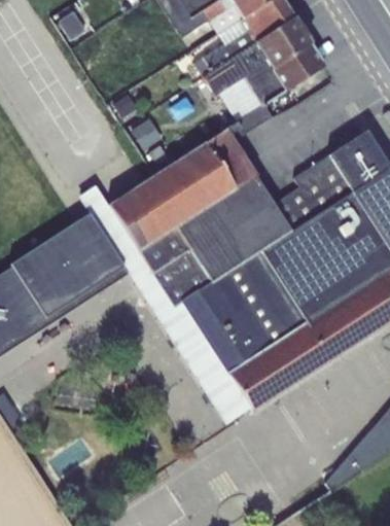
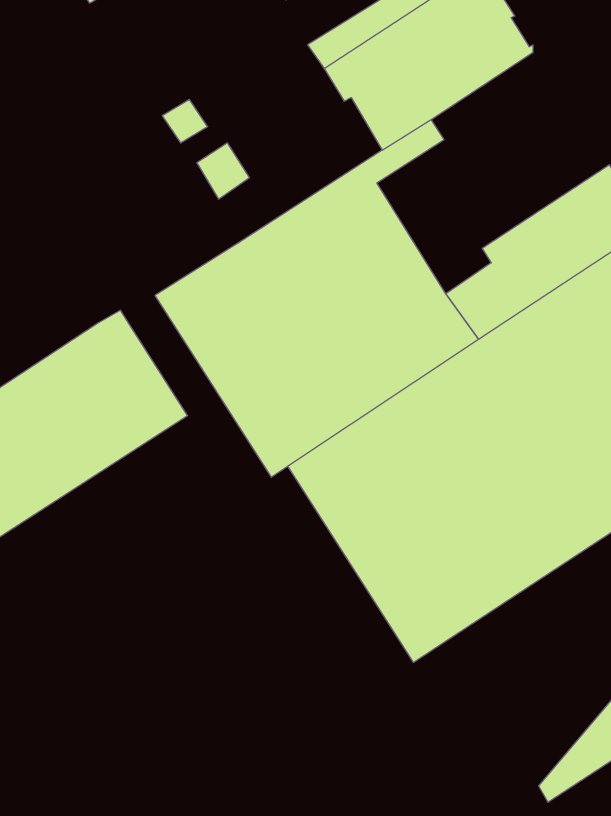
building: [79,183,253,418] -> none

